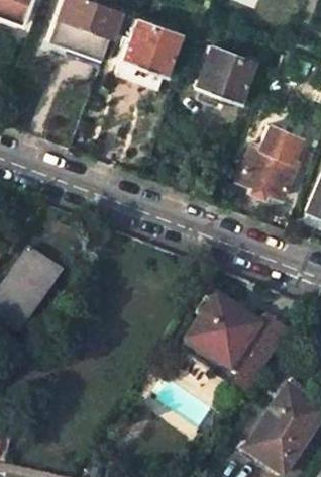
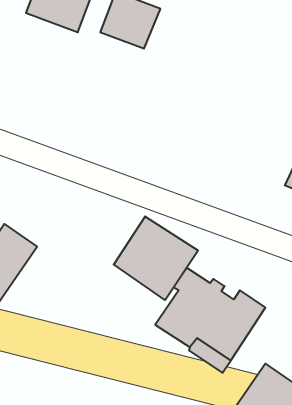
building: [196,45,256,103] -> none
building: [229,125,303,200] -> none
building: none -> [114,216,198,300]

